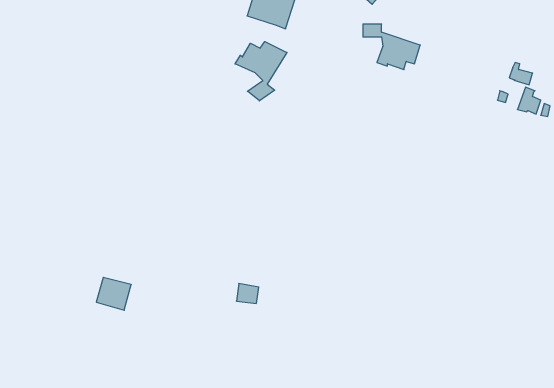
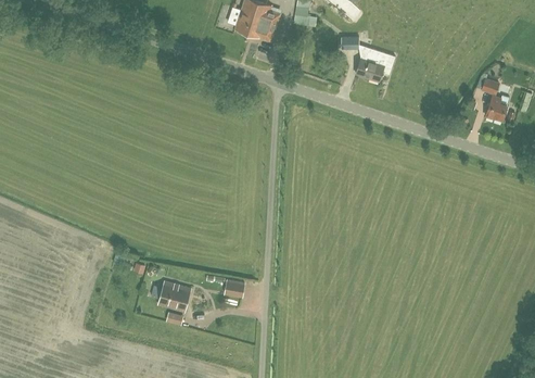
building: [235,42,287,101] -> none
building: [96,277,131,310] -> [158,281,191,312]

